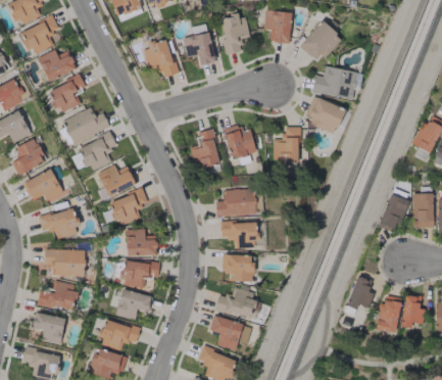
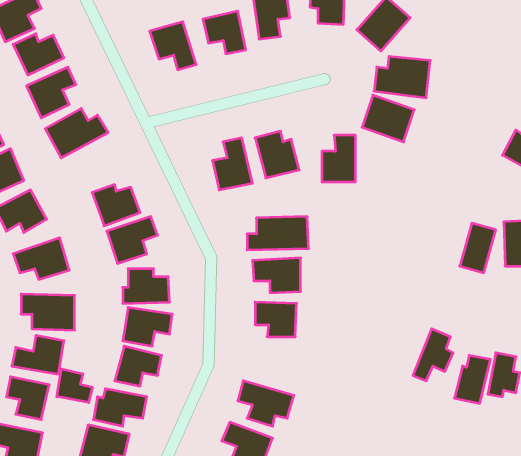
building: [79,133,117,173] -> none
building: [214,288,256,320] -> none
building: none -> [57,369,92,403]

